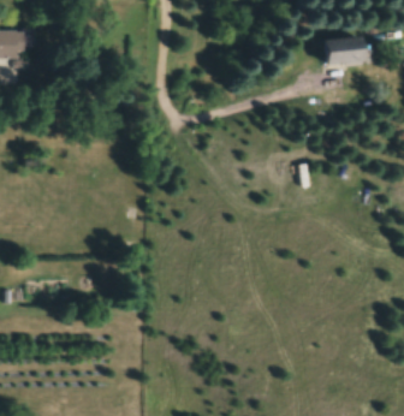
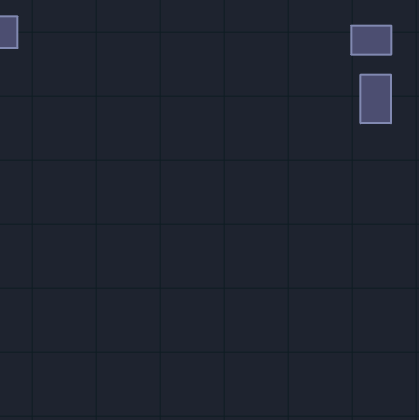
building: none -> [361,75,391,123]

